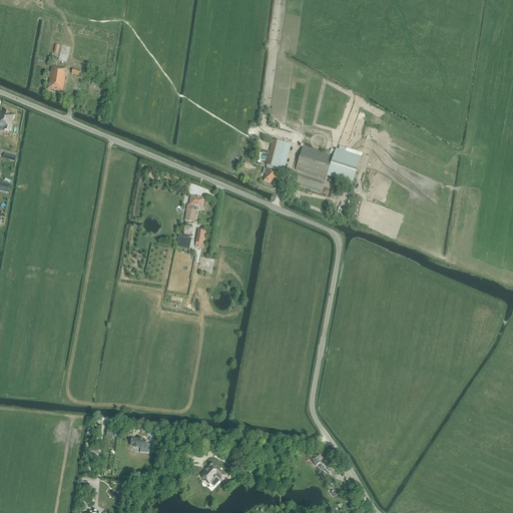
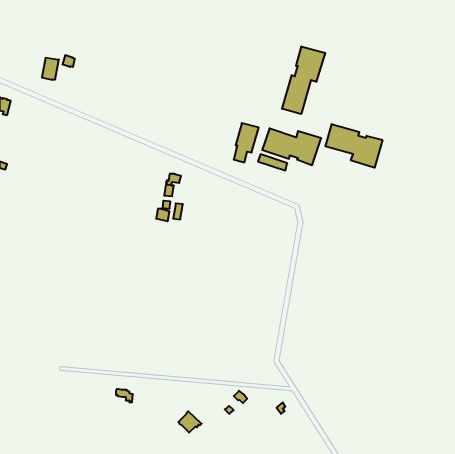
building: none -> [282,46,325,114]
building: none -> [325,124,382,168]

